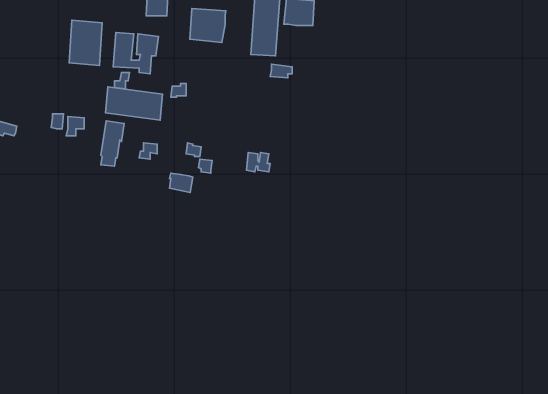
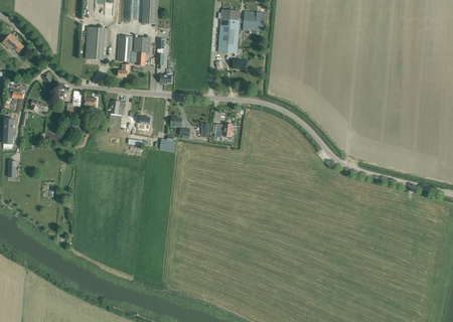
building: [190,8,226,43] -> none
building: [105,87,162,120] -> none

